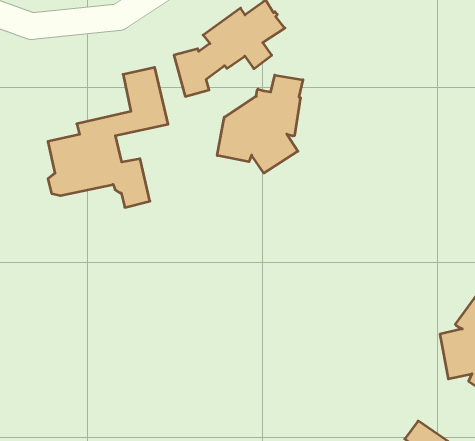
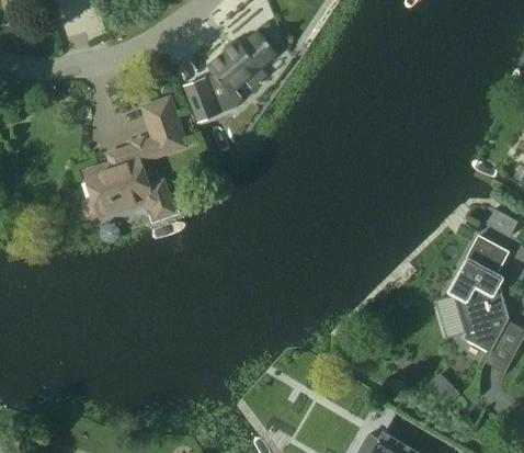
building: [217,75,303,173] -> none

